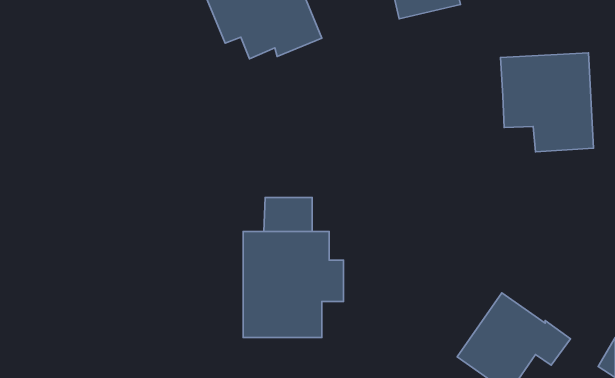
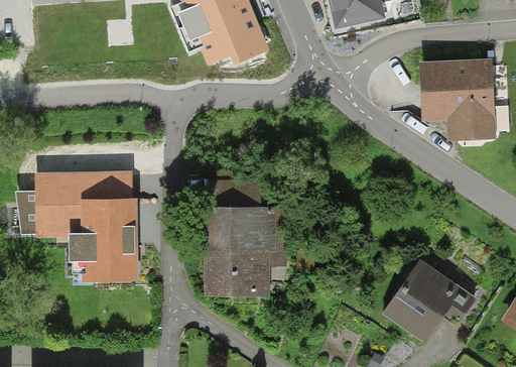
building: none -> [14,172,138,283]

